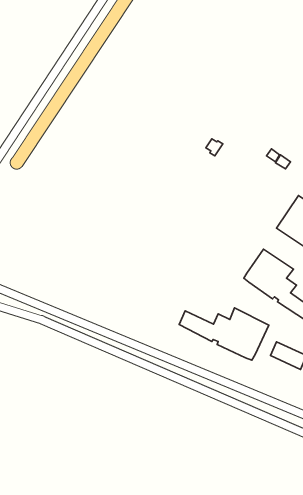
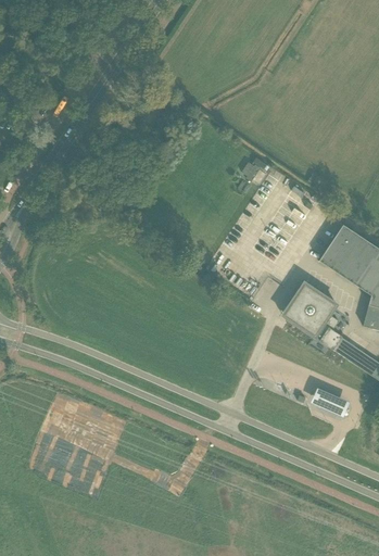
building: [179,308,269,360] -> none

